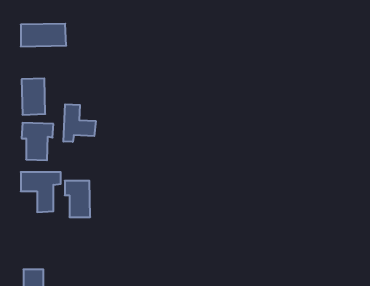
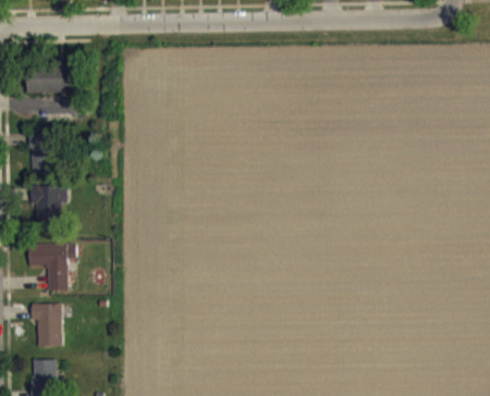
building: [63,104,96,142] -> none
building: [65,181,90,217] -> [32,306,62,349]

